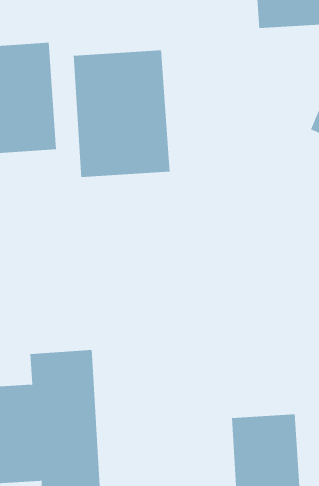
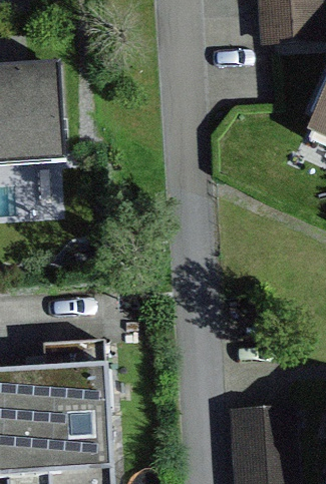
building: [73,49,170,178] -> none

